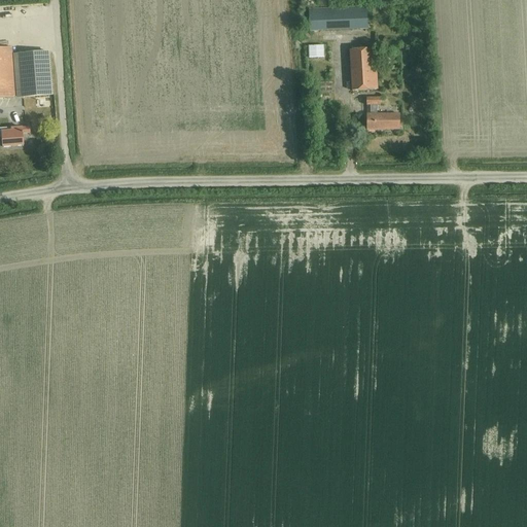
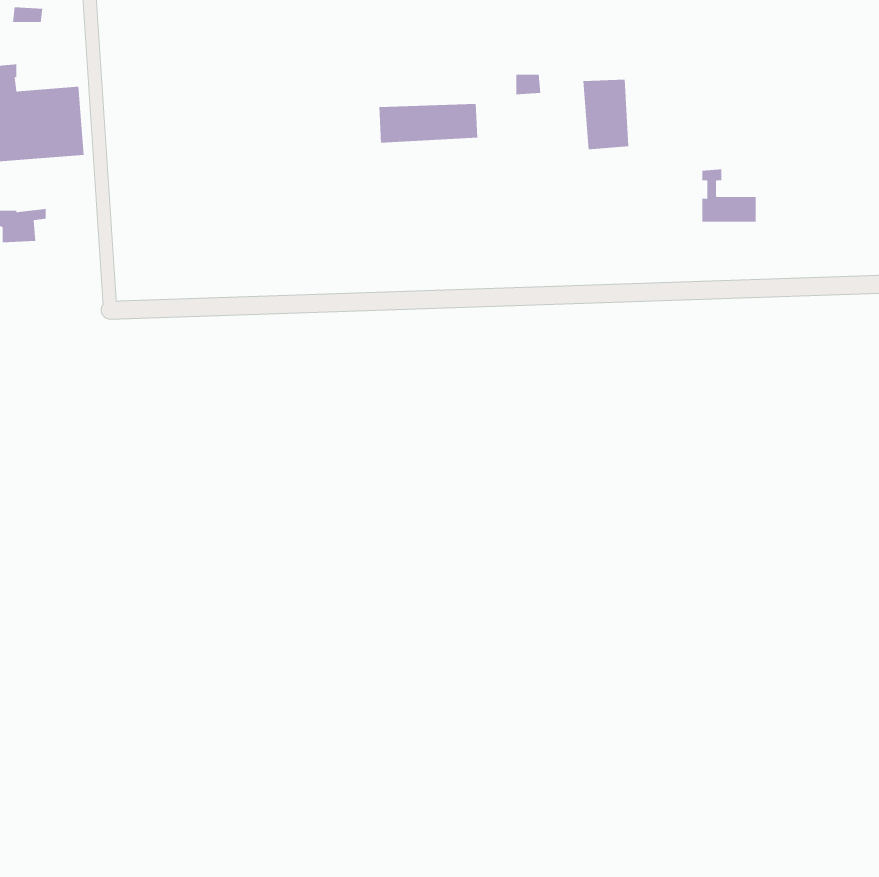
building: [307,6,366,30] -> [378,104,478,143]
building: [365,96,398,128] -> [701,169,757,222]

